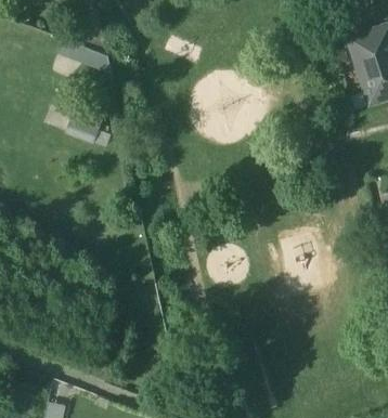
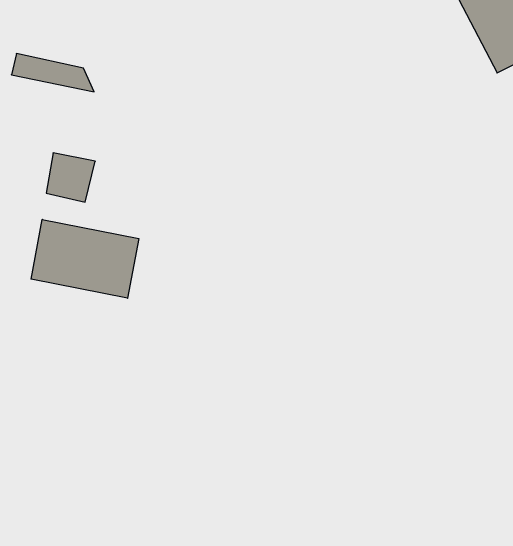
building: none -> [31,219,139,298]

